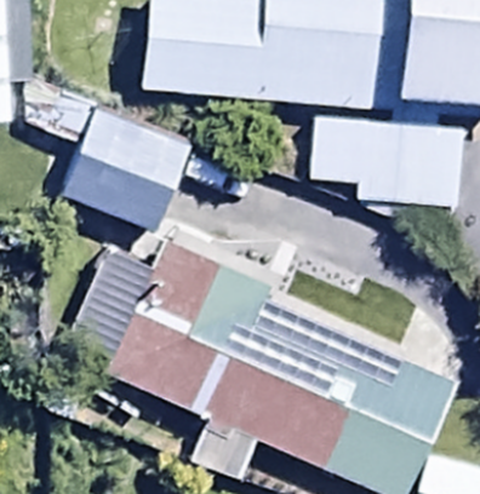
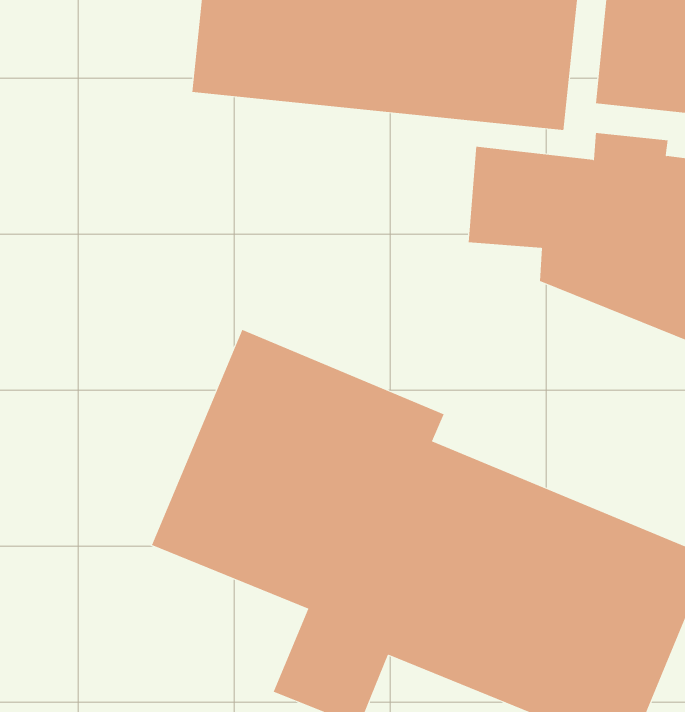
building: [25,87,195,240] -> none

